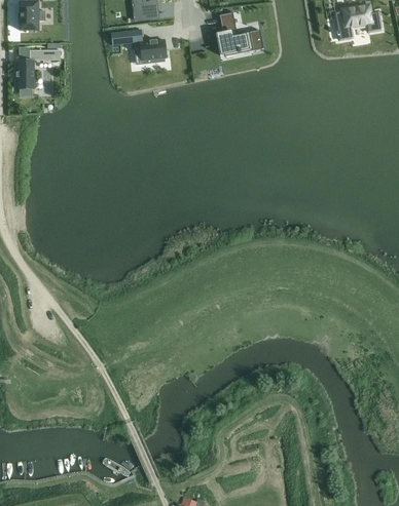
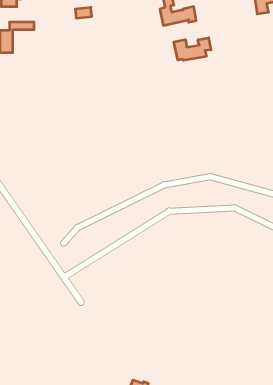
building: [138,39,166,64] -> none
building: none -> [174,38,211,60]

